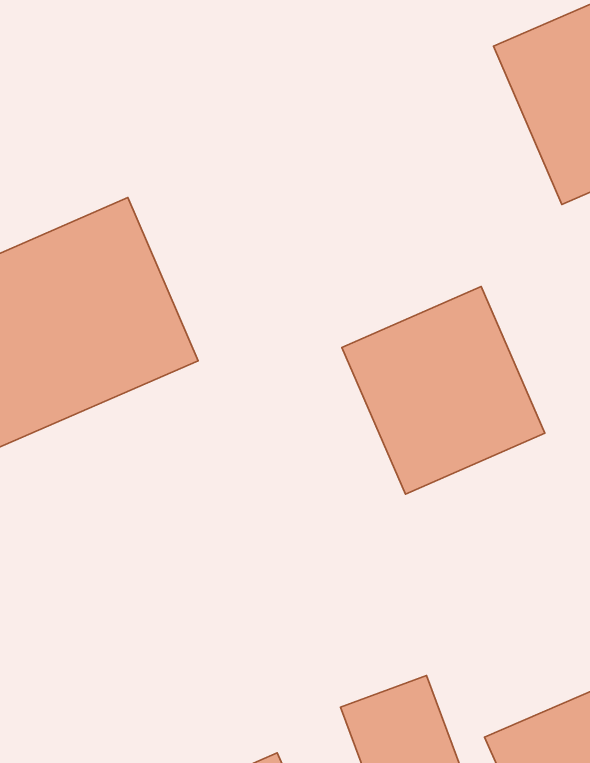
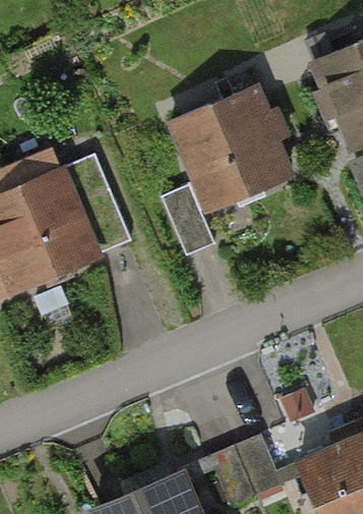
building: none -> [163,87,295,215]
building: [342,287,545,494] -> none

